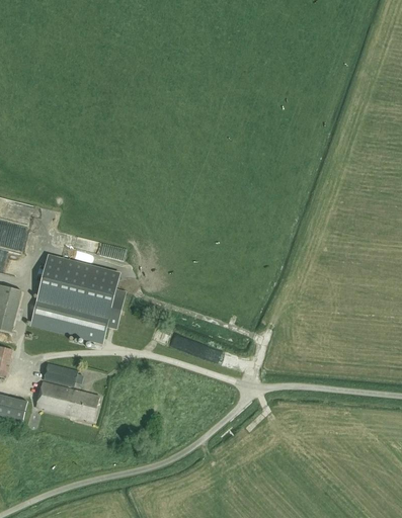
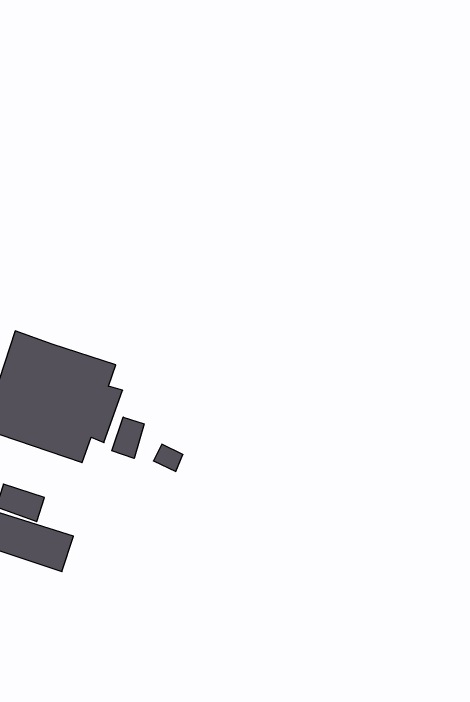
building: none -> [112,417,144,458]

